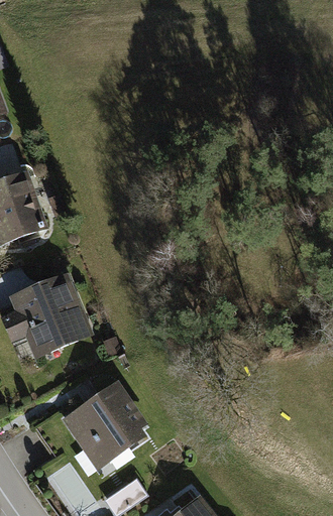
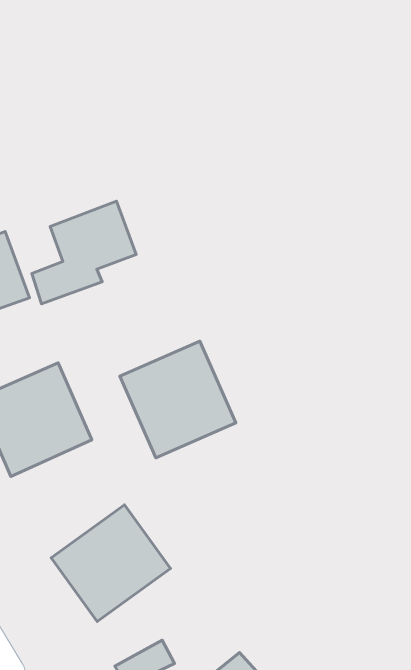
building: none -> [32,201,136,304]
building: none -> [120,341,236,458]

